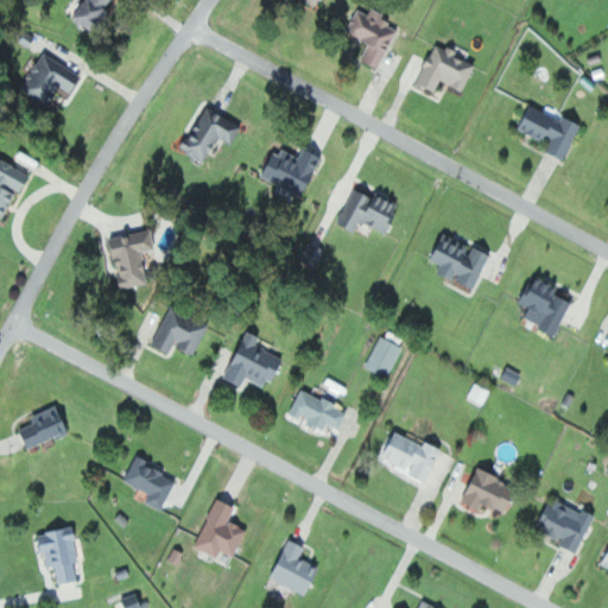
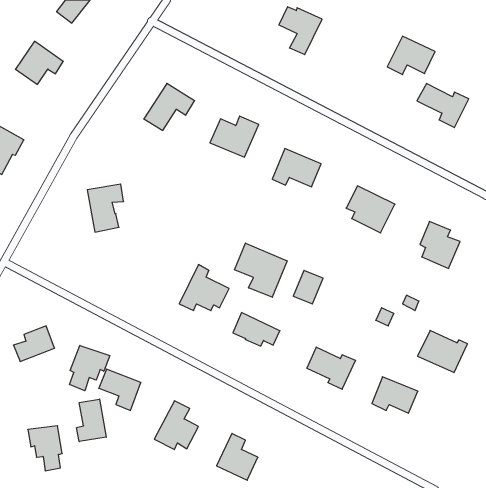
building: [414,46,474,94] -> [387,36,435,75]
building: none -> [235,243,287,297]
building: [152,308,208,356] -> none
building: none -> [70,345,110,391]
building: none -> [77,399,106,442]
building: [532,499,594,551] -> [418,330,467,373]

